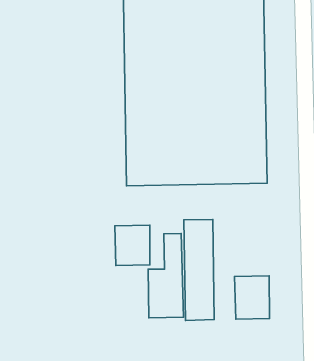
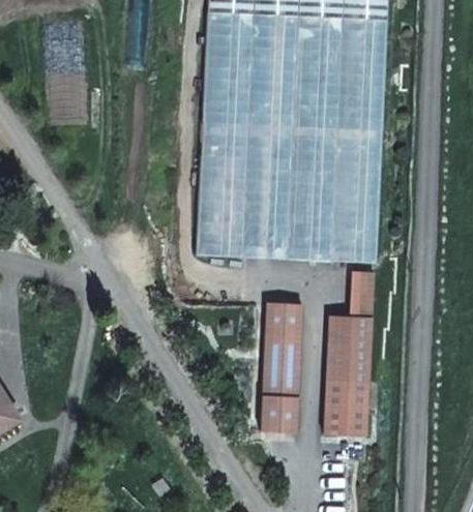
building: [115,225,150,265] -> none
building: [148,233,183,318] -> [326,273,374,380]

